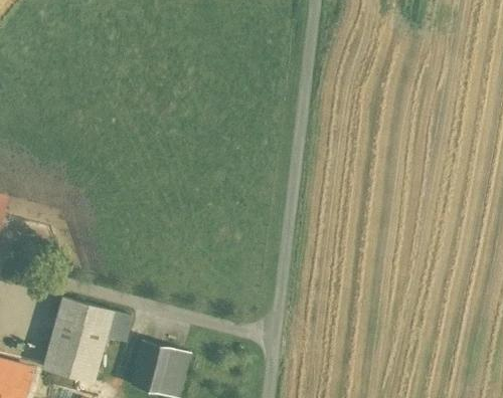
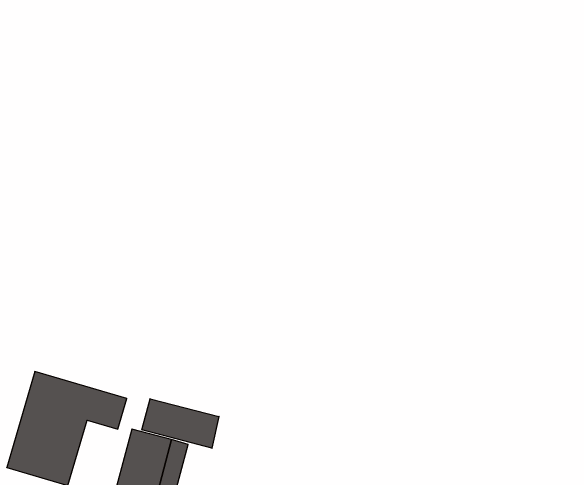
building: none -> [142,399,219,448]

